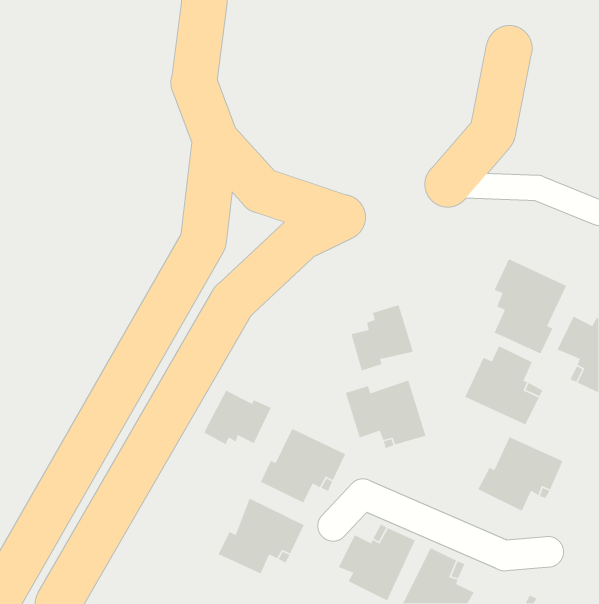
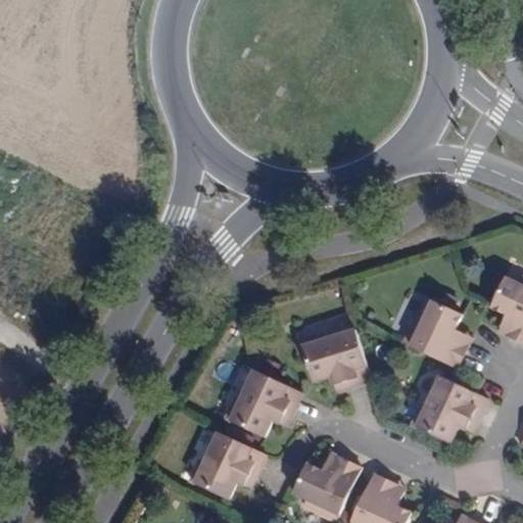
building: [494,258,567,355] -> none
building: [351,304,414,372] -> none
building: [203,390,272,445] -> none

